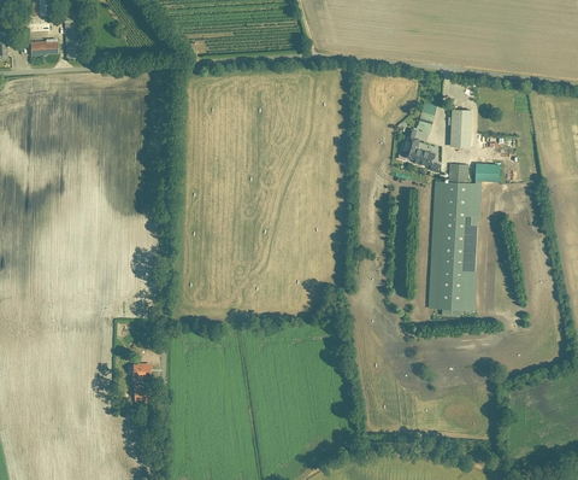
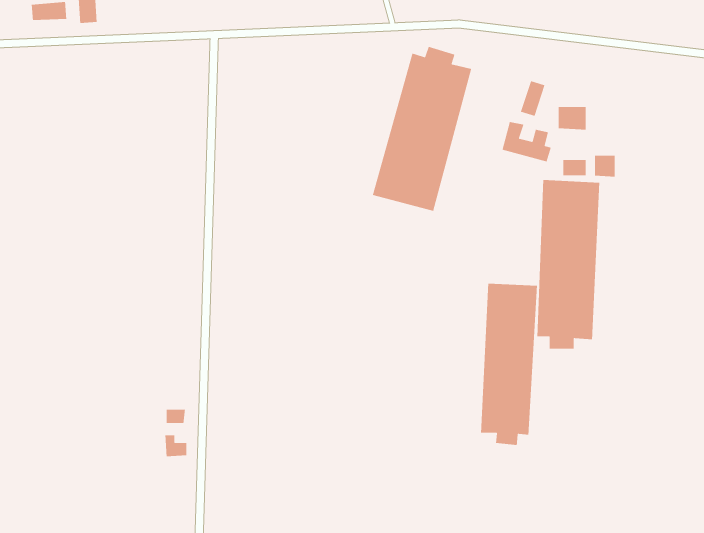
building: none -> [372,46,472,212]
building: none -> [480,283,538,446]

